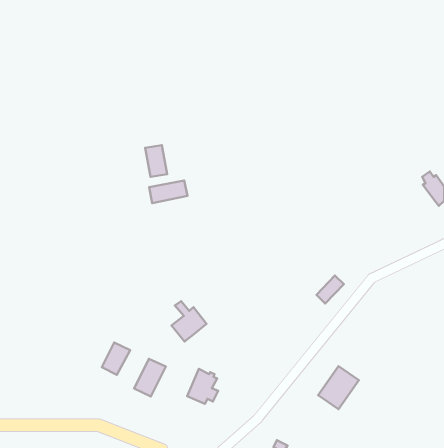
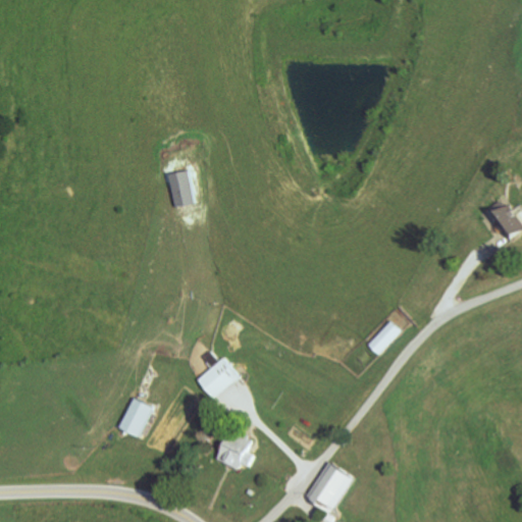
building: [149,181,187,203] -> none
building: [134,359,166,396] -> none
building: [318,366,359,409] -> [308,462,355,512]

